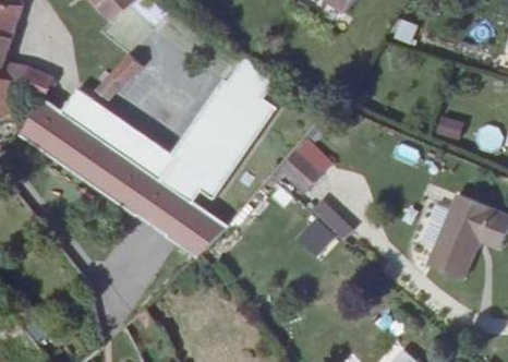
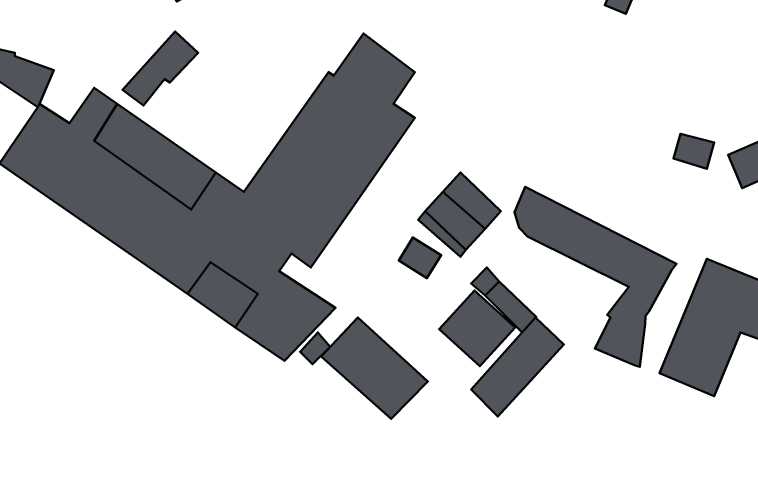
building: none -> [514,187,677,367]
building: none -> [321,317,428,419]
building: none -> [471,318,564,417]

